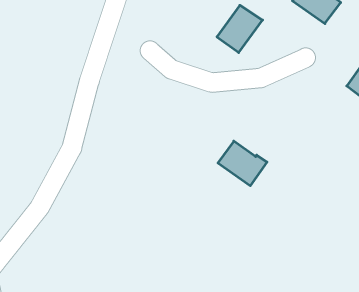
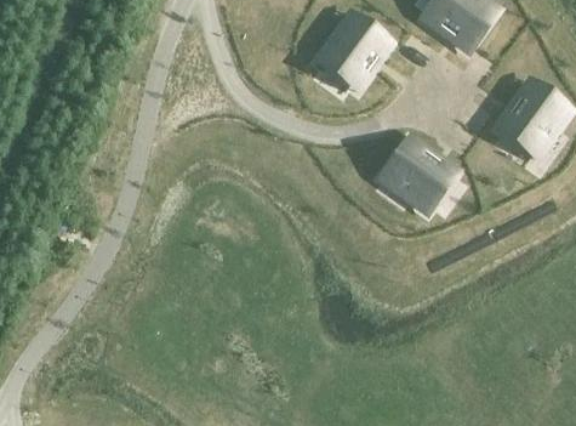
building: [218,141,267,186] -> [384,146,452,208]

